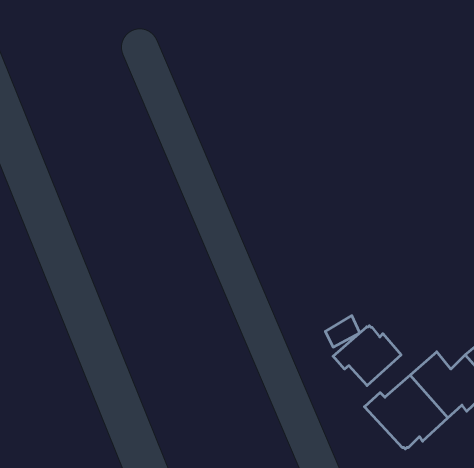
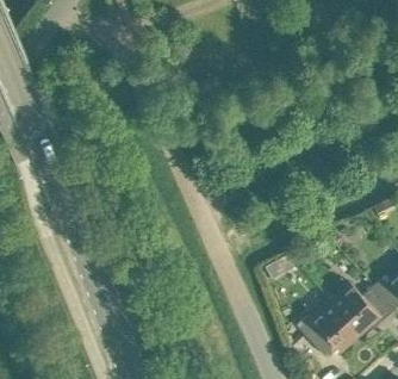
building: [333,326,401,386] -> none

